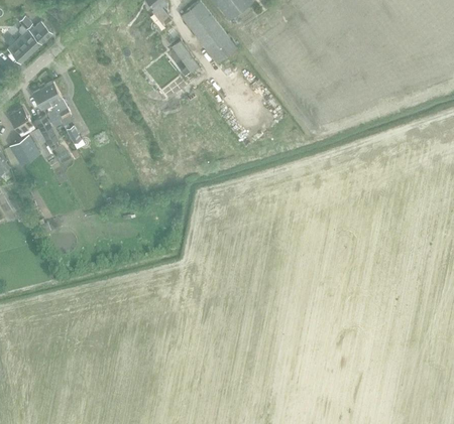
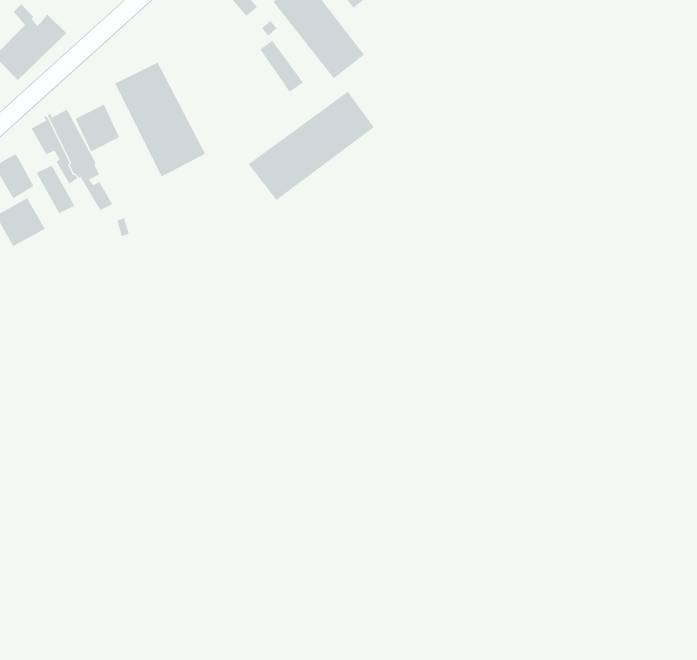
building: none -> [115,62,206,177]
building: none -> [248,91,375,201]
building: none -> [75,104,120,152]

